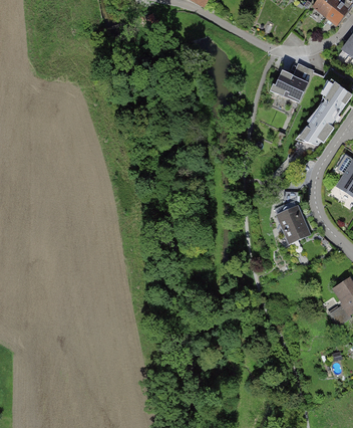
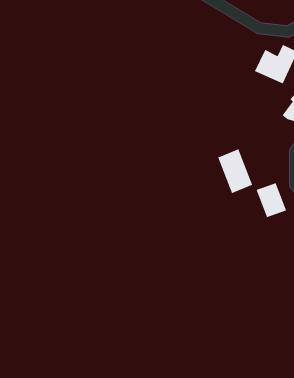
building: none -> [217,148,253,194]

